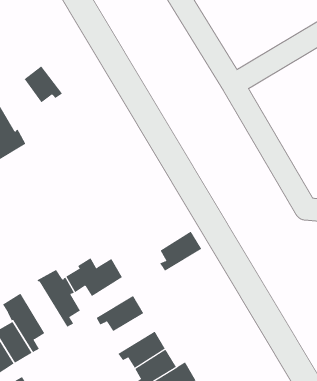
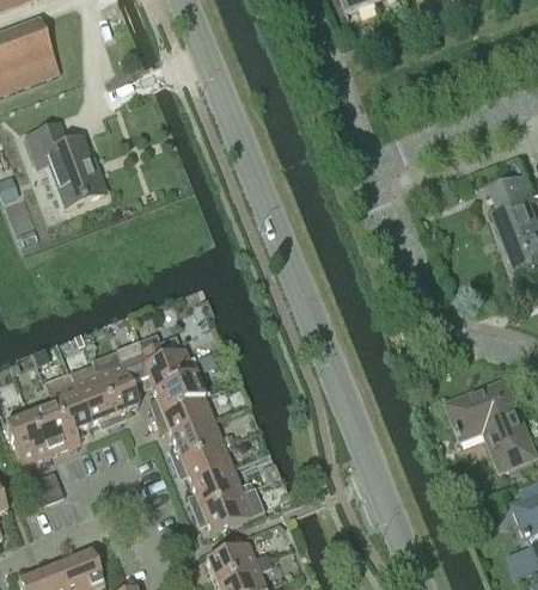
building: [24,65,63,103] -> none
building: [159,231,202,272] -> [149,370,204,414]
building: none -> [68,359,117,425]
building: none -> [170,418,224,462]

